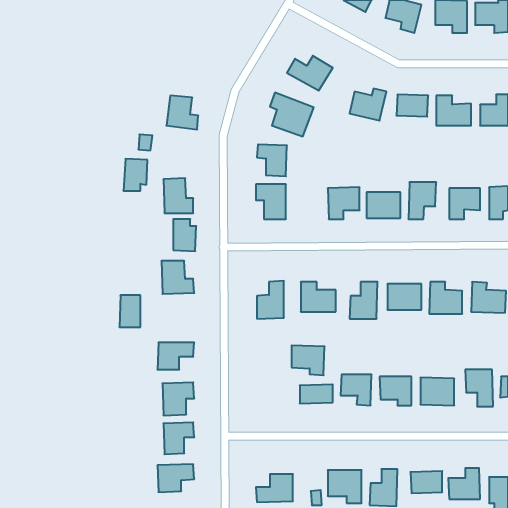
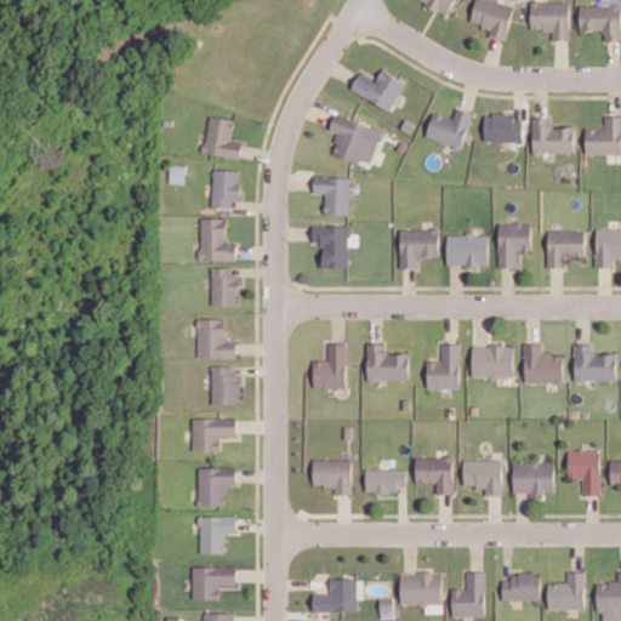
building: [123,159,147,191] -> [211,170,240,209]
building: [119,295,140,327] -> [211,366,237,405]
building: [292,345,325,375] -> [312,460,352,496]

